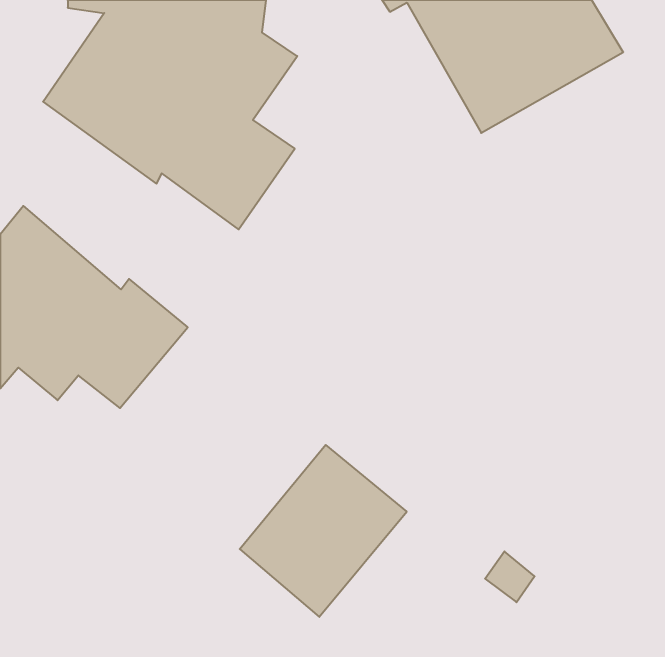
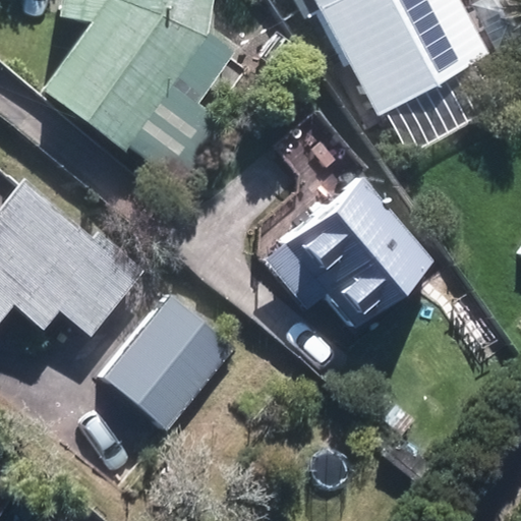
building: none -> [262,172,426,320]
building: [240,445,407,617] -> [103,297,233,431]

